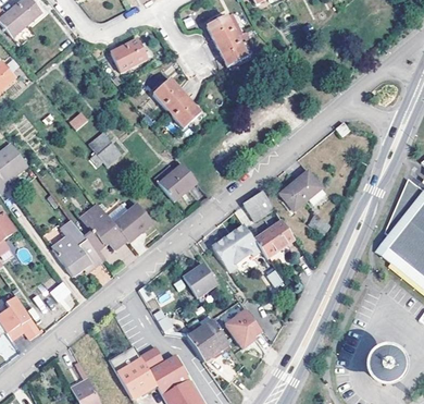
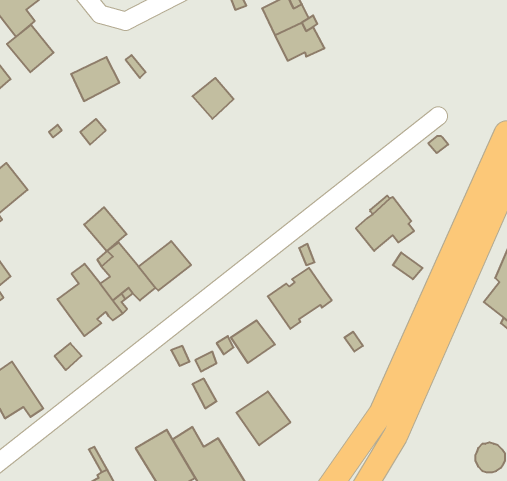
building: none -> [7,25,54,72]
building: [110,37,147,71] -> [71,57,119,101]
building: [169,94,200,125] -> none
building: [88,132,121,166] -> [84,207,127,251]
building: [158,163,197,201] -> none
building: [245,191,273,220] -> none
building: [254,220,294,264] -> none
building: [223,308,260,346] -> none

